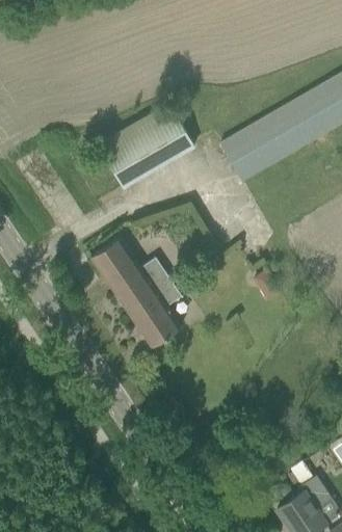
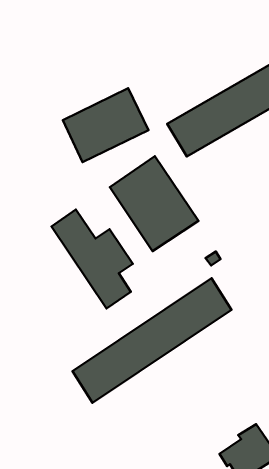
building: none -> [110,156,198,251]
building: none -> [72,278,232,403]

